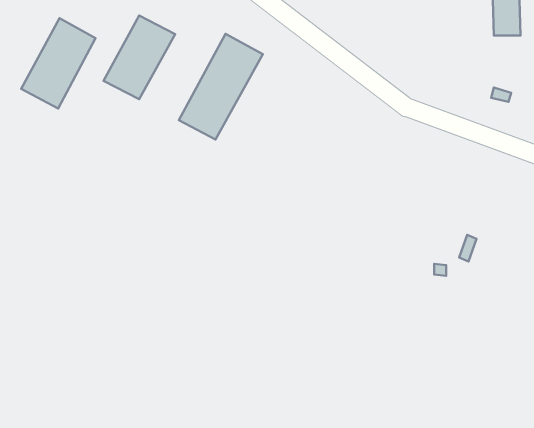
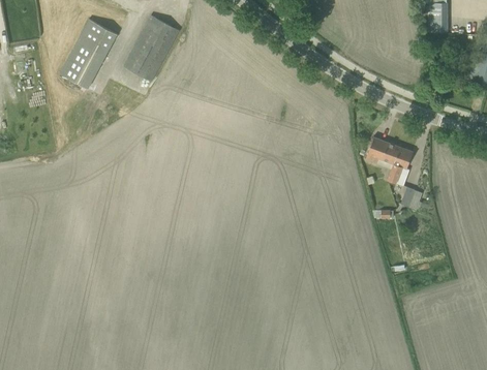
building: [179,34,263,140] -> none
building: none -> [365,136,413,183]

